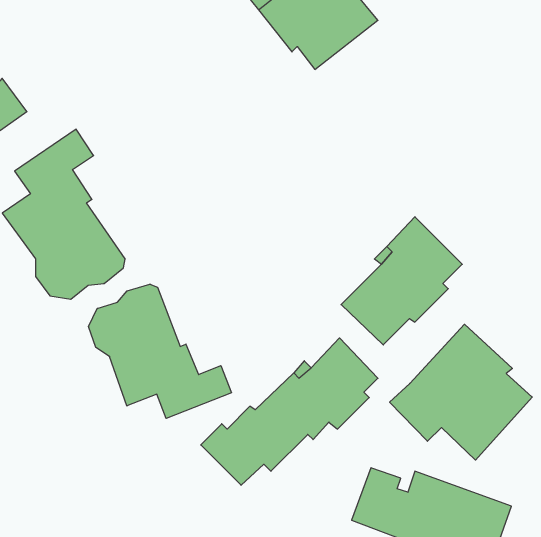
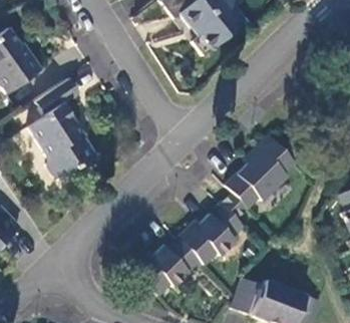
building: [89,284,232,418] -> none
building: [390,324,532,460] -> none

